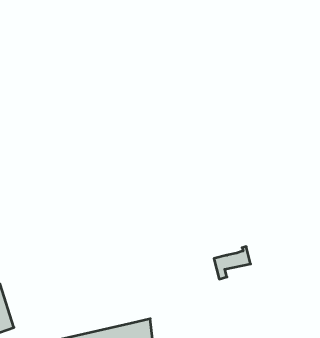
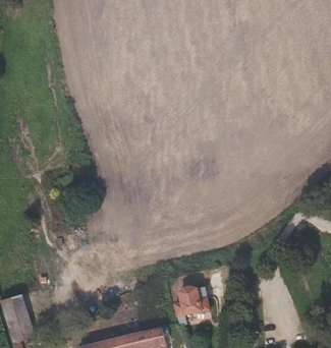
building: [214,247,251,279] -> [175,293,210,324]

